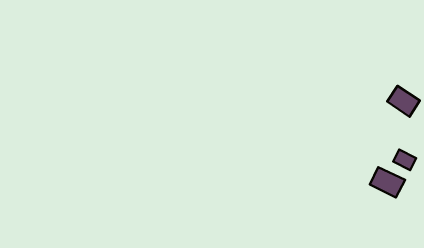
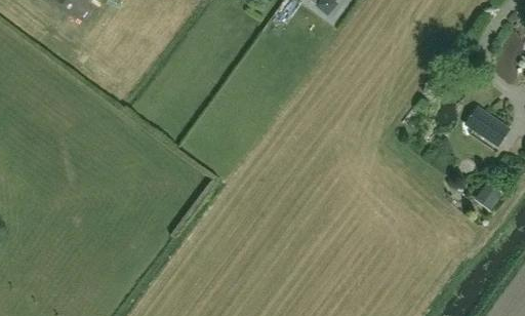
building: [370,167,405,197] -> none

